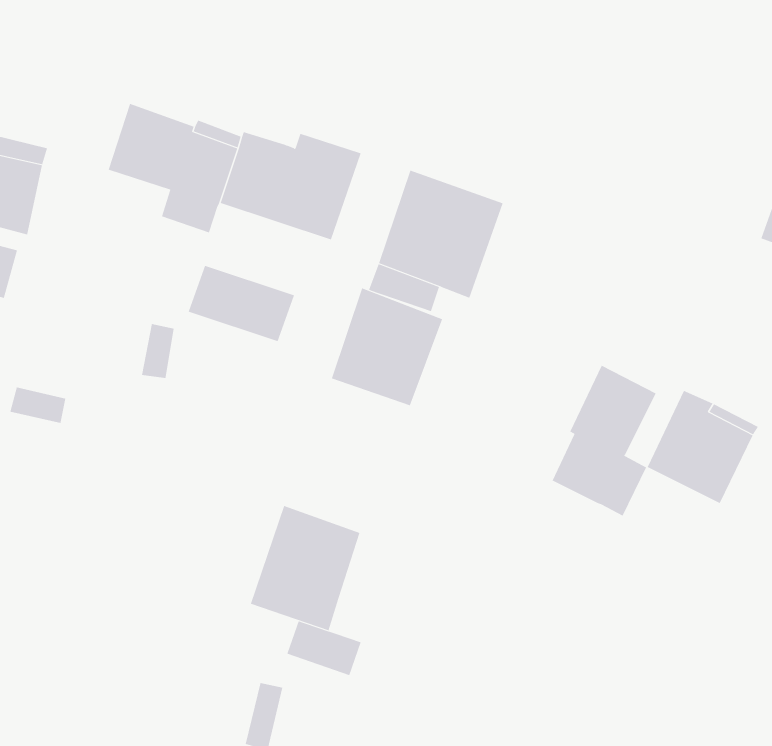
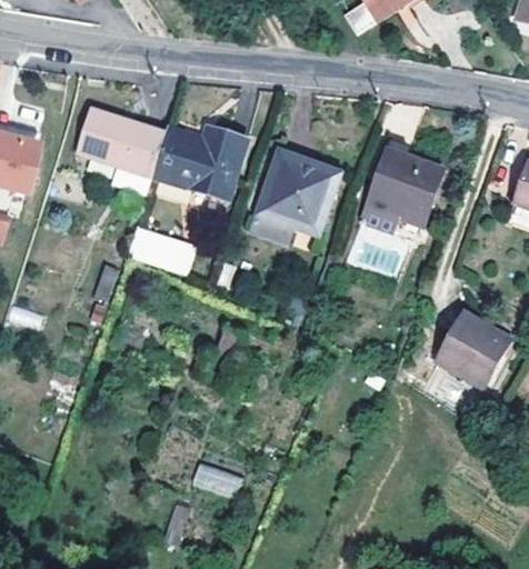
building: none -> [366,154,446,234]
building: [331,288,443,406] -> none
building: [552,365,657,517] -> none
building: [250,505,360,631] -> none

